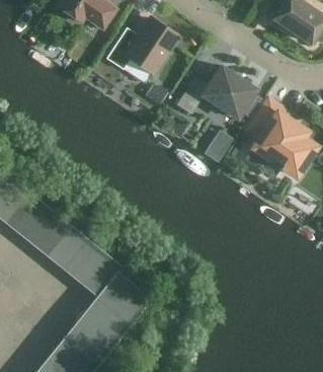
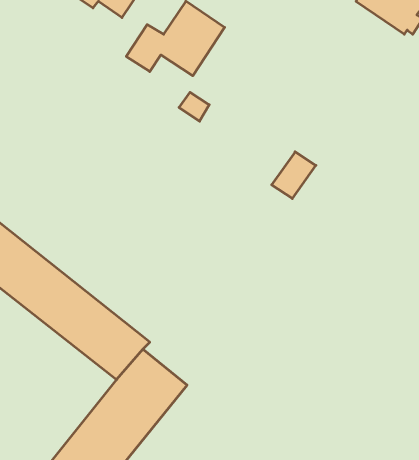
building: [176,66,257,119] -> none
building: [249,100,316,176] -> none

